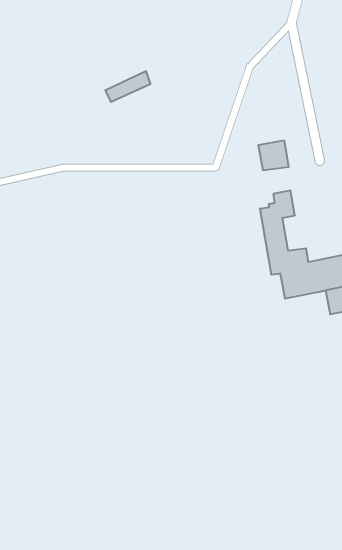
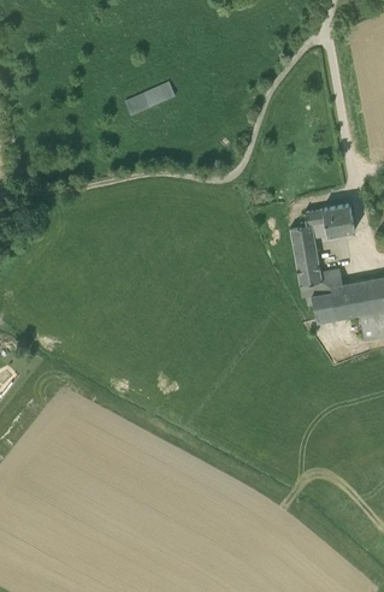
building: [258,141,289,170] -> [323,205,355,236]

